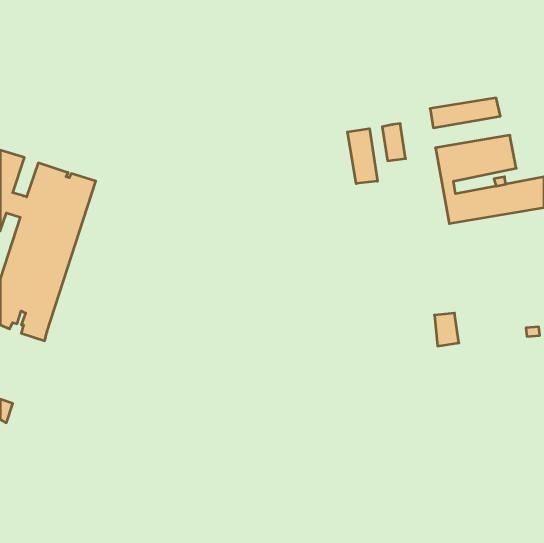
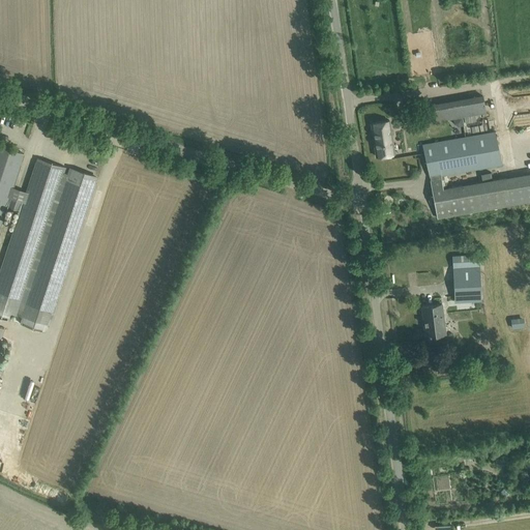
building: [347,129,377,184] -> none
building: none -> [451,256,480,311]

